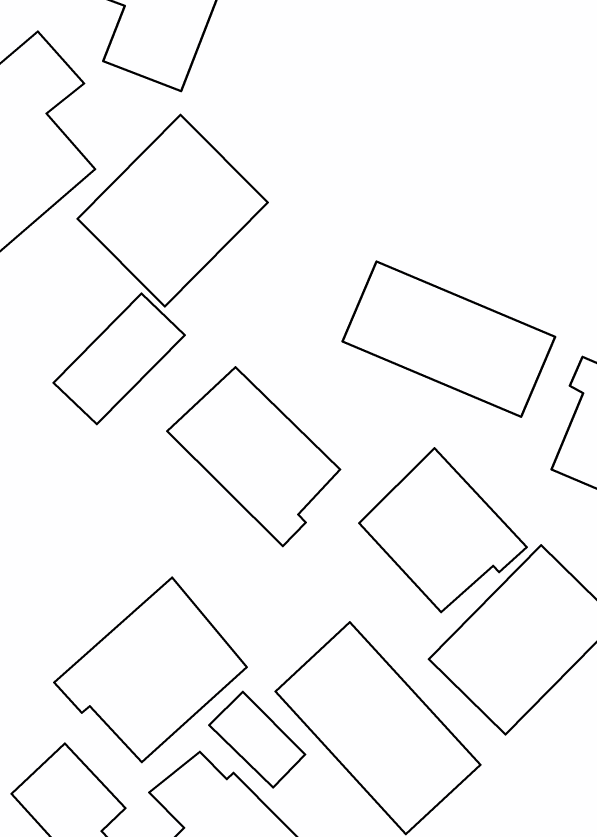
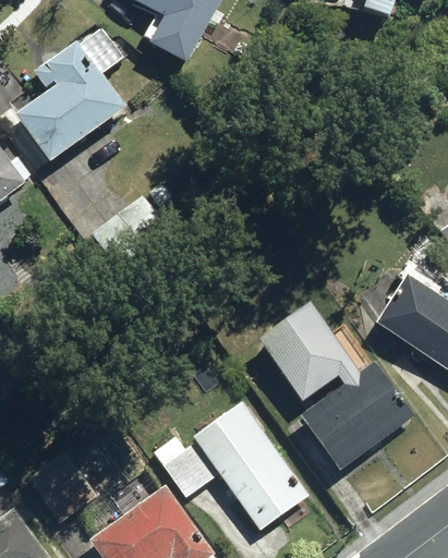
building: [77,115,268,306] -> none
building: [343,261,555,417] -> none
building: [167,367,340,546] -> none
building: [54,578,247,762] -> none

